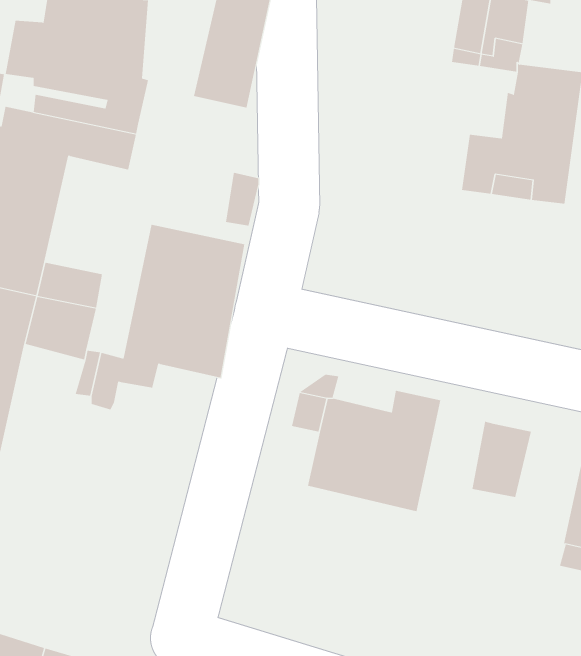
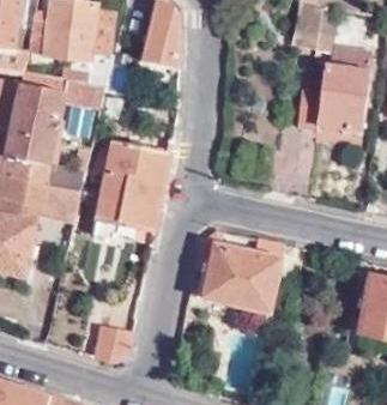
building: [472,421,532,498] -> none
building: none -> [90,325,128,368]

